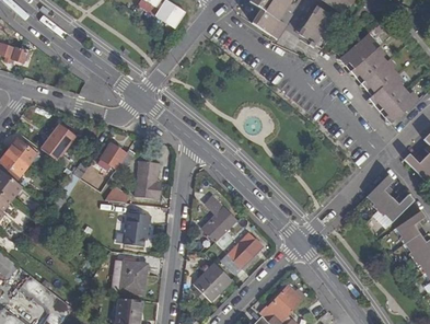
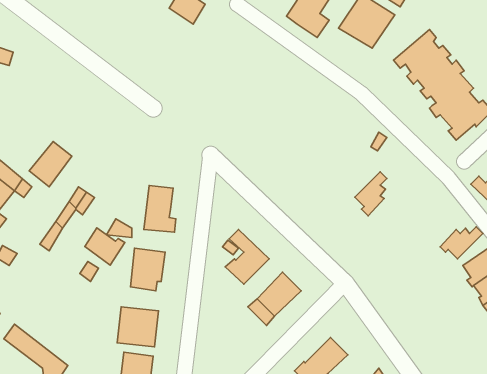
building: [101,142,133,173] -> [85,228,125,265]
building: [367,174,393,210] -> [355,172,387,216]
building: [194,262,232,300] -> none

